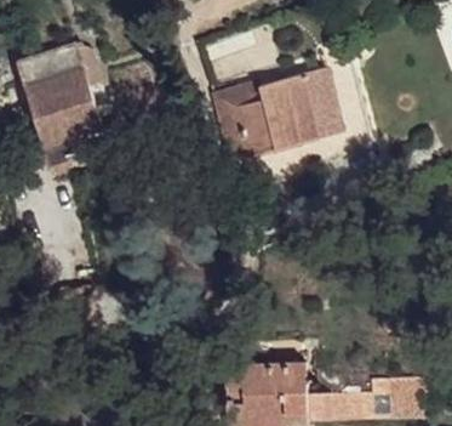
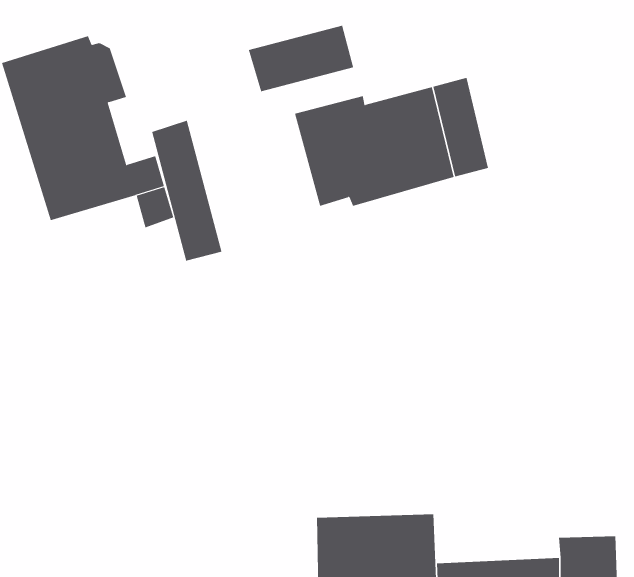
building: none -> [248,25,354,92]
building: none -> [151,120,222,262]

